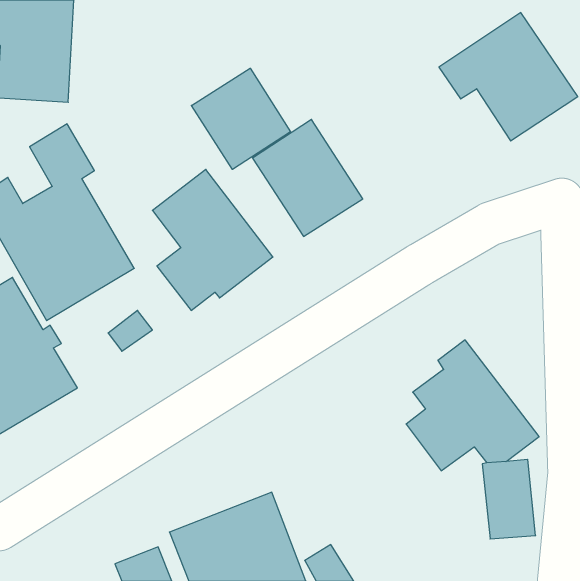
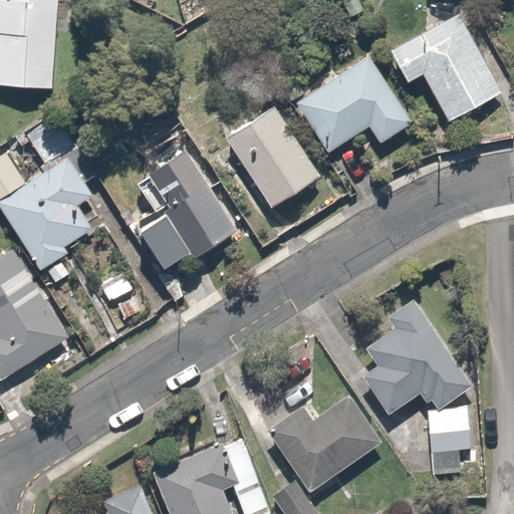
building: none -> [293,51,415,155]
building: [191,68,290,169] -> none
building: none -> [265,399,380,493]

